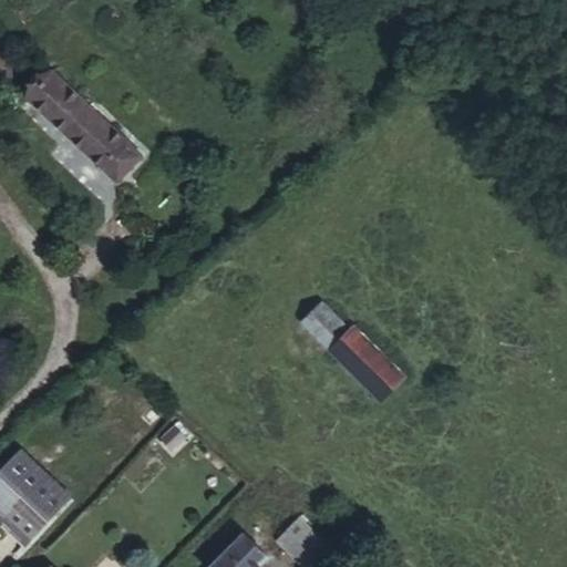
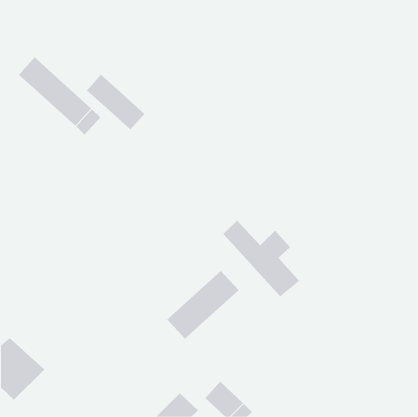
building: none -> [86,74,145,130]
building: none -> [167,270,239,340]

